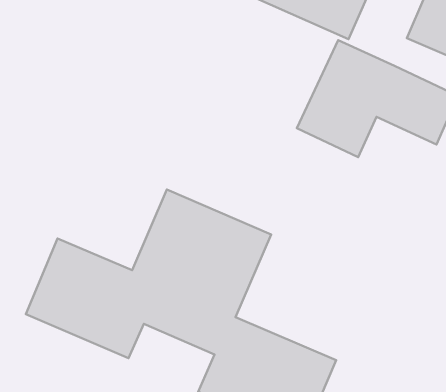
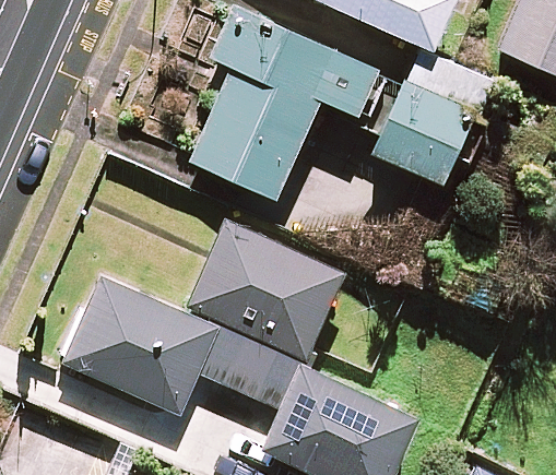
building: none -> [191,17,376,199]

